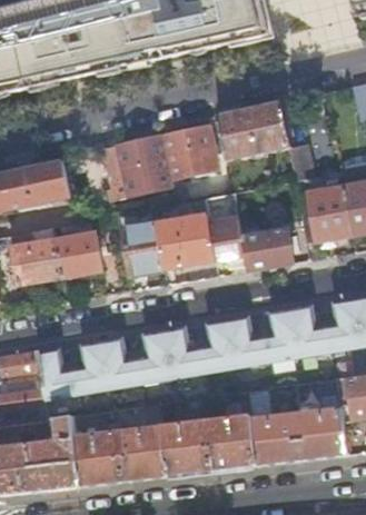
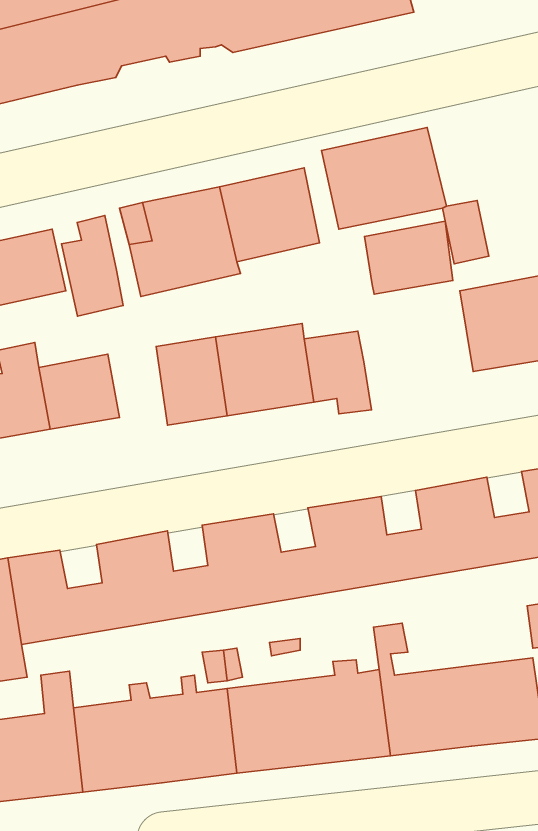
building: none -> [62,215,123,316]
building: [241,227,293,269] -> [364,221,453,294]

